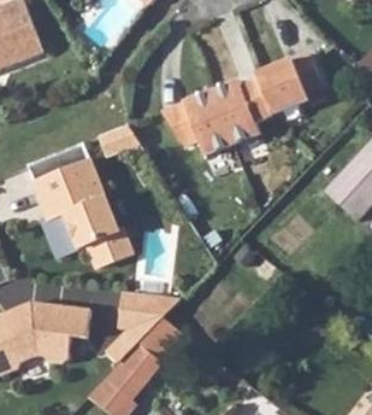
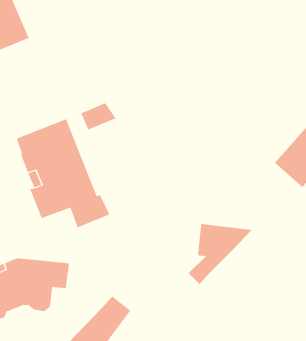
building: [165,52,325,154] -> none
building: [112,290,185,360] -> [188,224,252,285]

